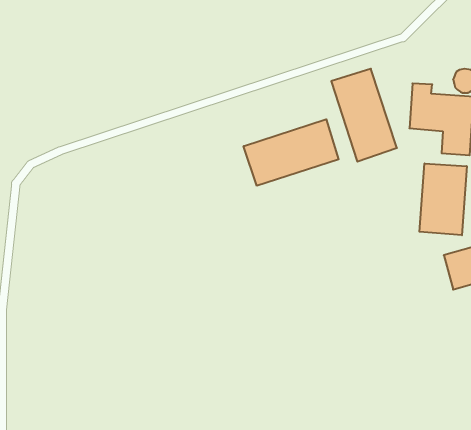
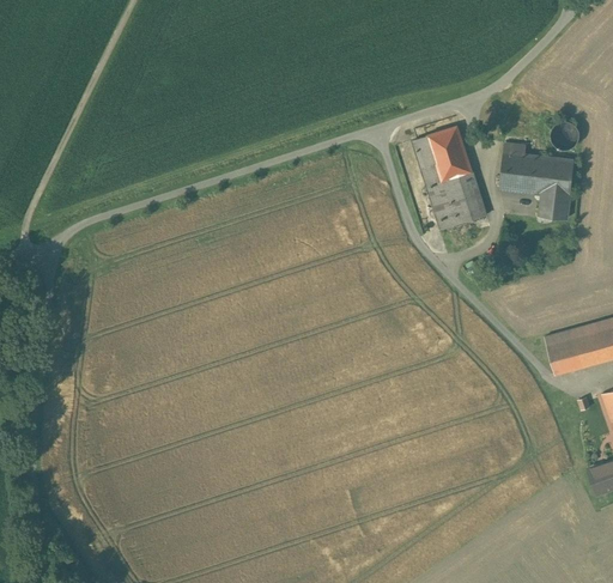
building: [244,119,339,186] -> none
building: [419,163,467,235] -> none

